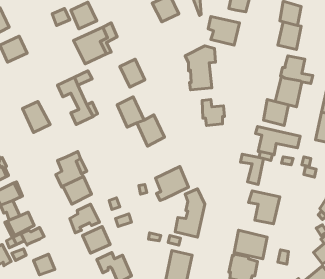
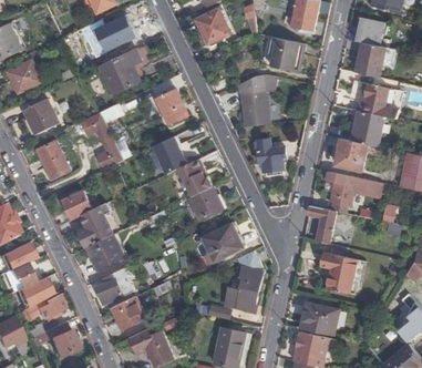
building: none -> [22,99,58,136]
building: none -> [188,185,226,219]
building: none -> [61,192,91,218]

